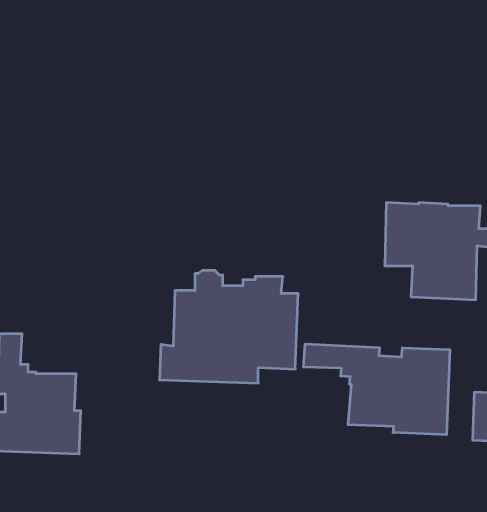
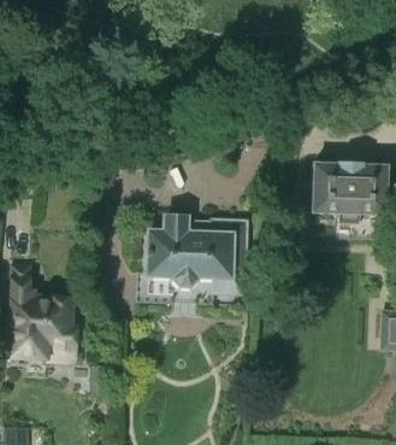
building: [303,344,450,435] -> none

